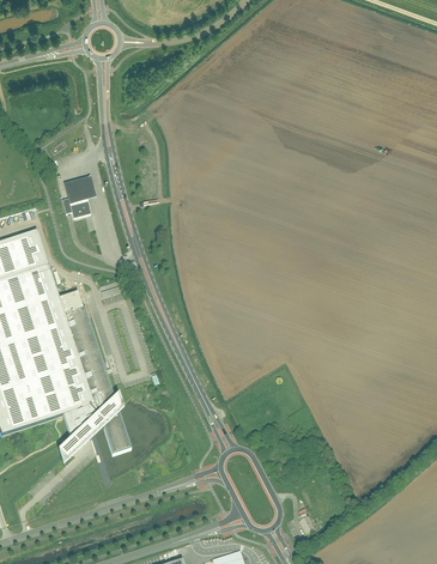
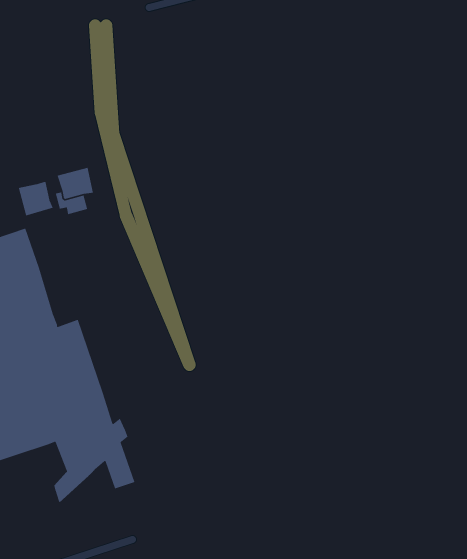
building: none -> [18,181,54,217]

